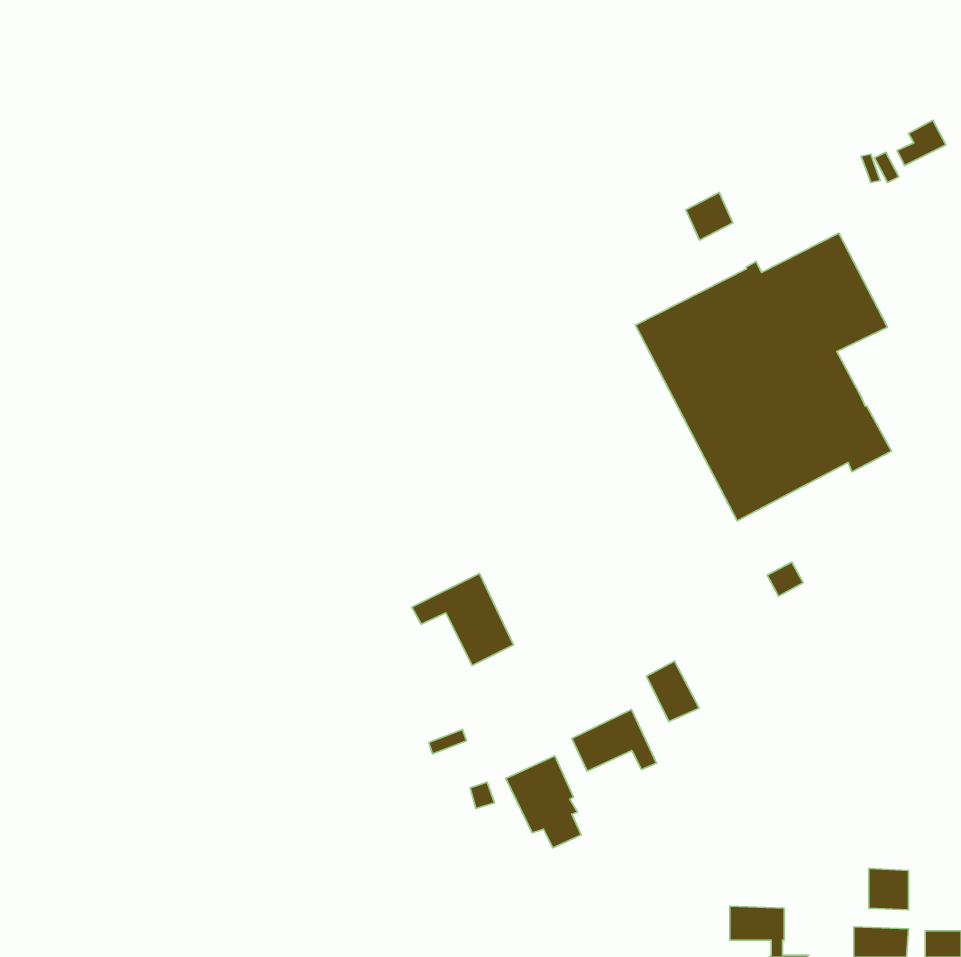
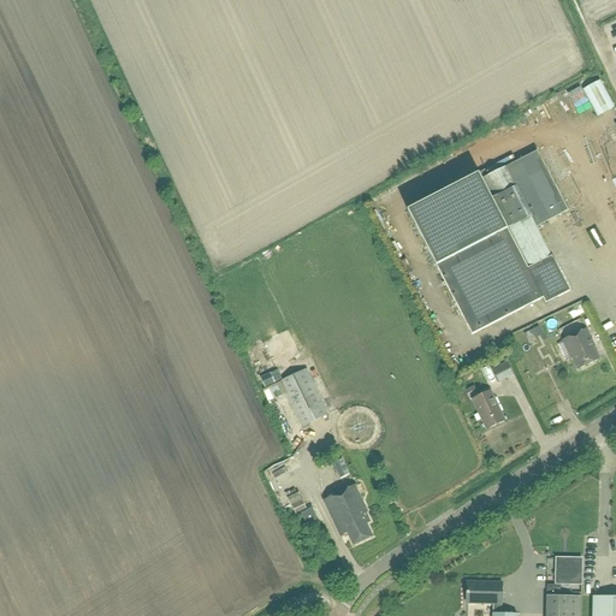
building: [686,192,733,240] -> none
building: none -> [562,327,599,368]
building: [646,661,699,721] -> [472,389,505,427]
building: [572,709,656,771] -> none

